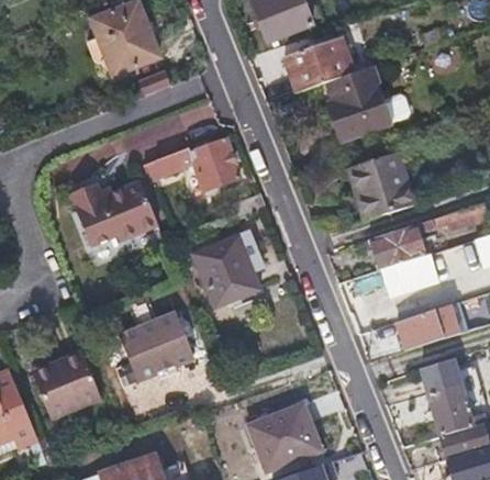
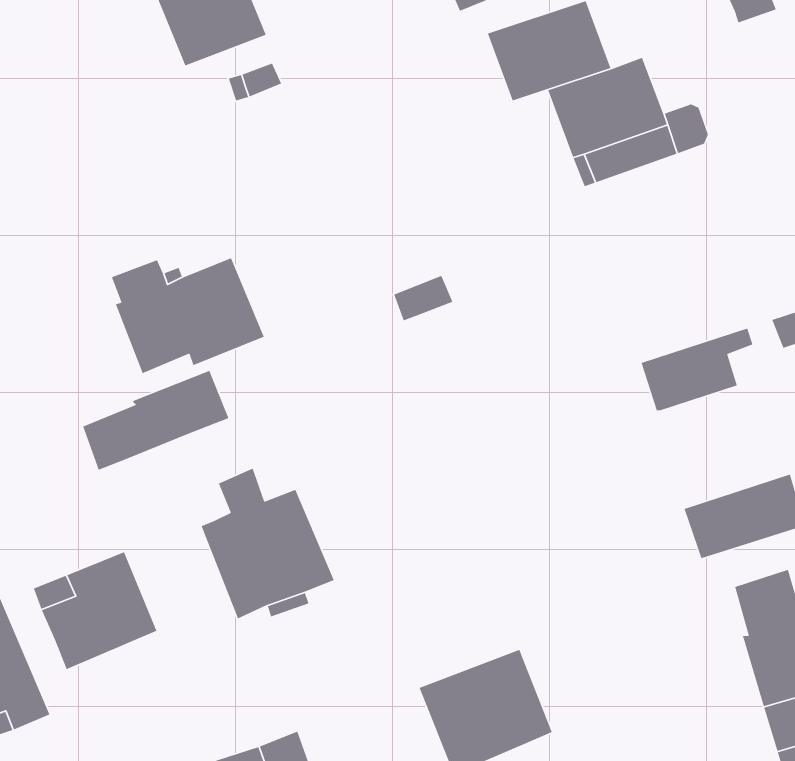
building: [143,136,240,189] -> none
building: [349,153,414,221] -> none
building: [193,231,261,305] -> none
building: none -> [82,370,229,471]
building: [381,253,436,292] -> none

